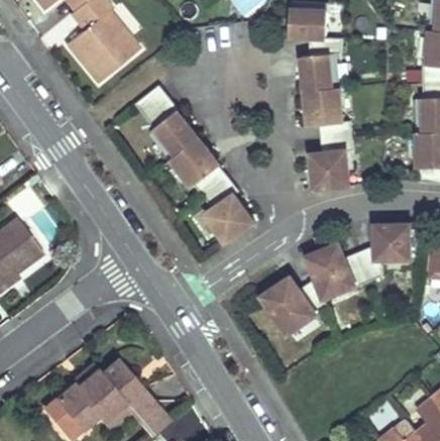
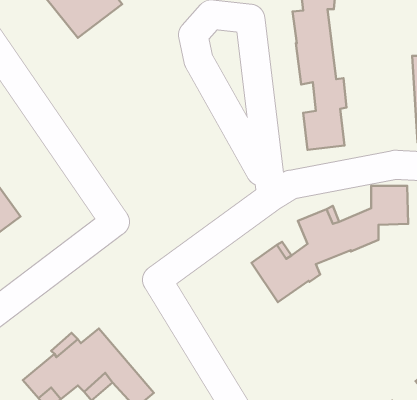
building: [133,85,254,243] -> none

